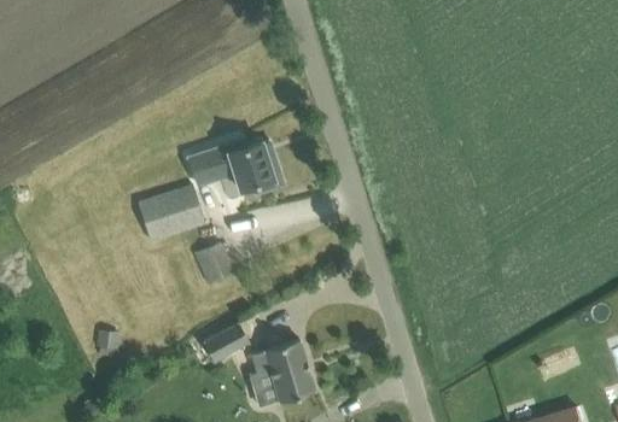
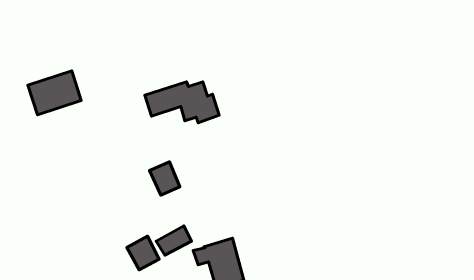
building: [136,186,204,241] -> [28,71,81,115]
building: none -> [127,236,159,270]

